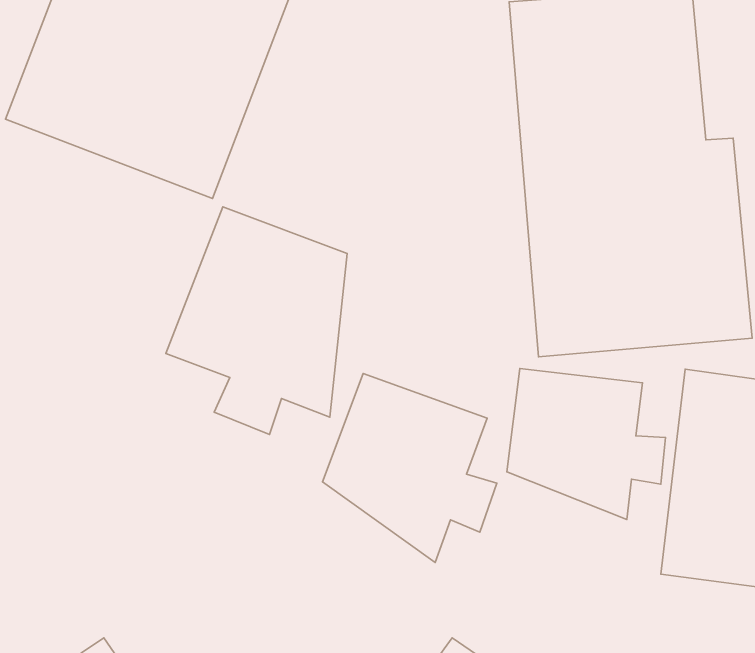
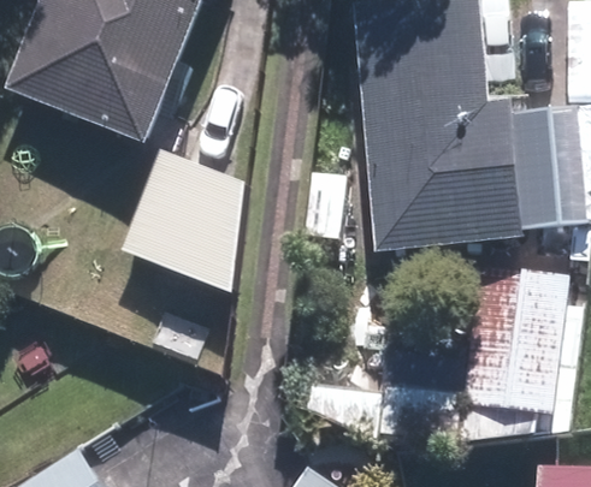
building: [507,369,666,520] -> none
building: [322,373,497,562] -> none

